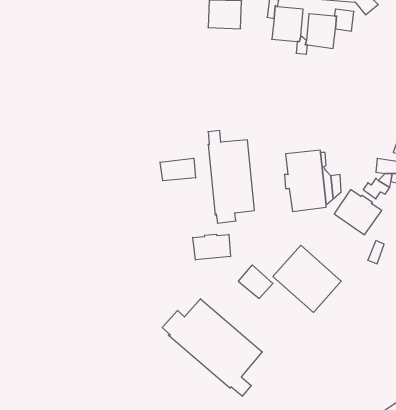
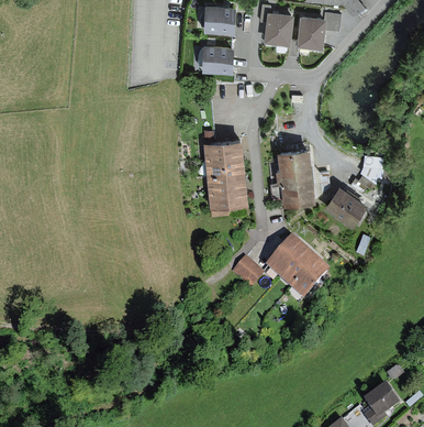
building: none -> [201,42,233,69]
building: [160,158,196,181] -> none
building: [193,234,230,260] -> none
building: [162,299,262,396] -> none

